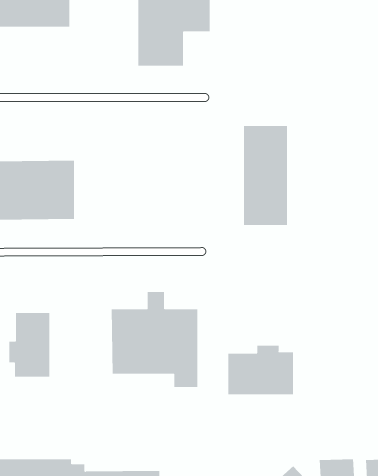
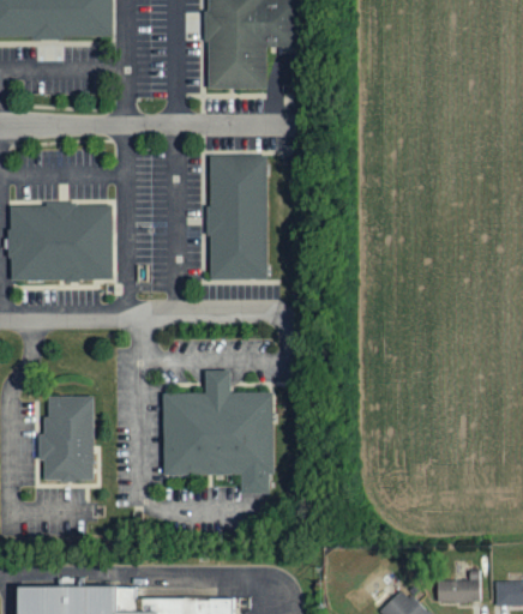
building: [243,126,288,225] -> [205,154,262,279]
building: [228,345,294,395] -> none

